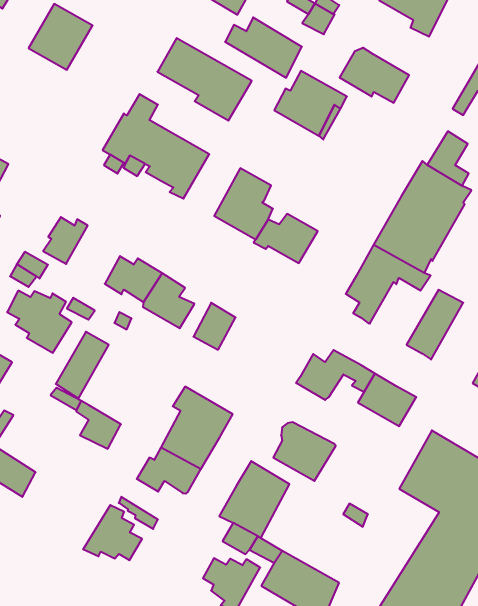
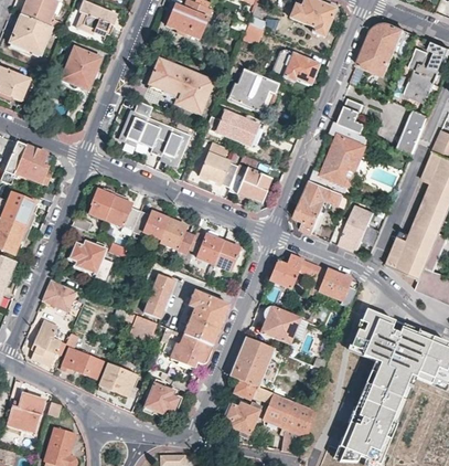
building: [225,17,302,78] -> [207,108,259,146]
building: none -> [105,192,140,230]
building: none -> [214,241,240,272]
building: [56,332,109,398] -> [143,274,175,319]
building: none -> [98,362,136,395]

